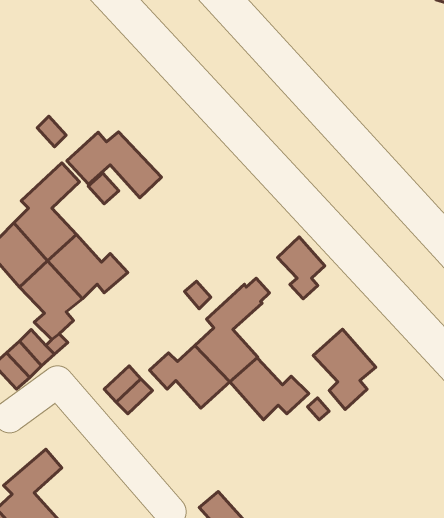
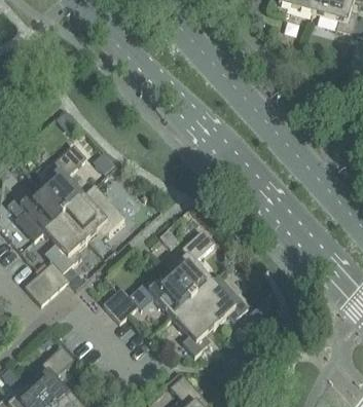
building: [67,132,161,198] -> none
building: [277,237,325,299] -> none
building: [313,329,376,410] -> [171,298,215,355]

